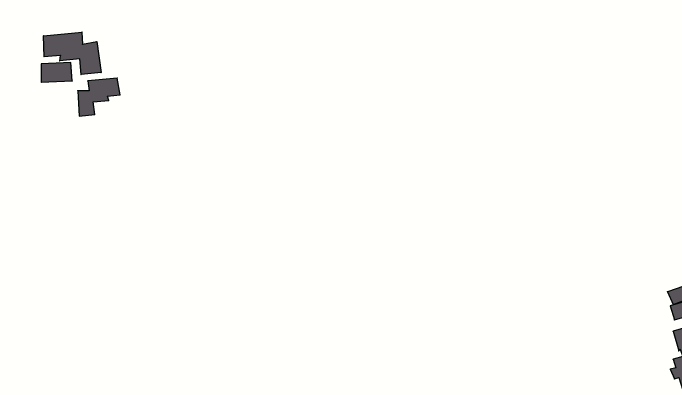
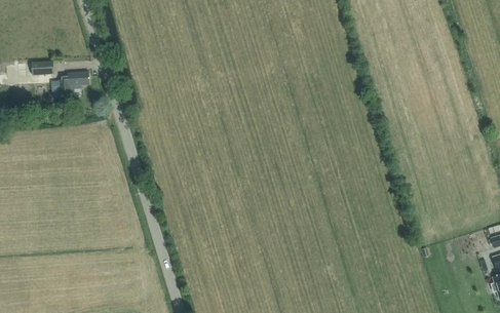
building: [44,32,101,75] -> none

